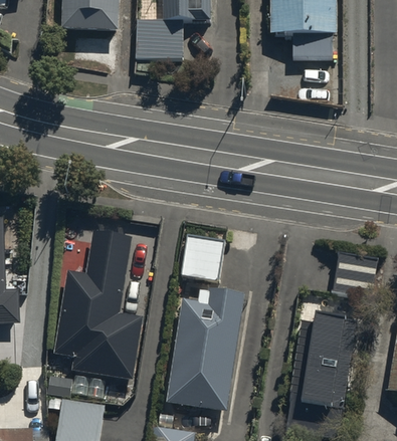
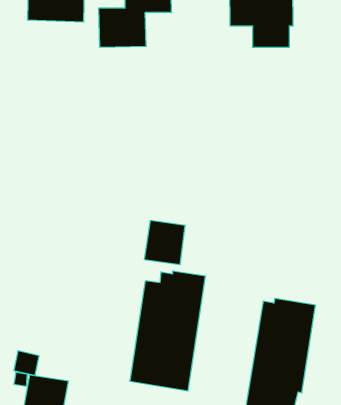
building: [54,230,144,379] -> none
building: [332,252,378,297] -> none

